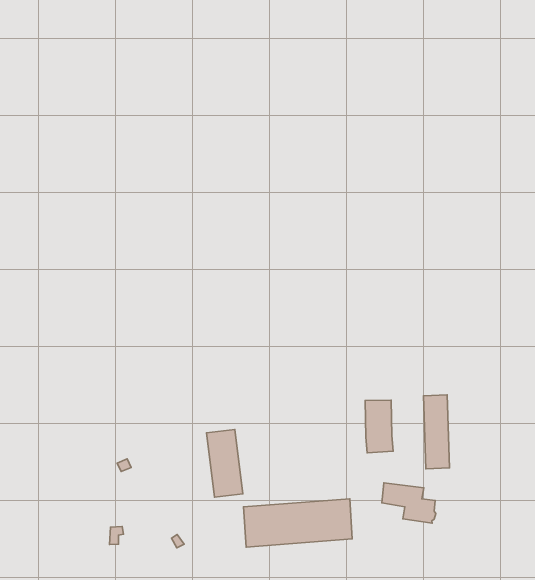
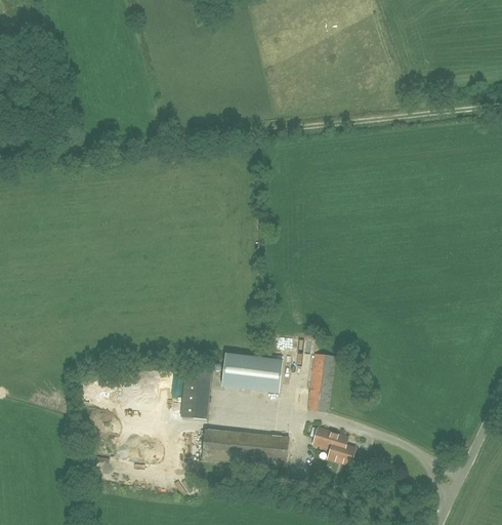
building: [423,395,449,469] -> none
building: none -> [221,352,282,392]

